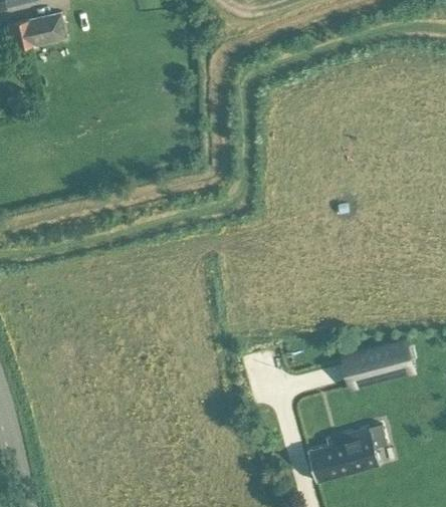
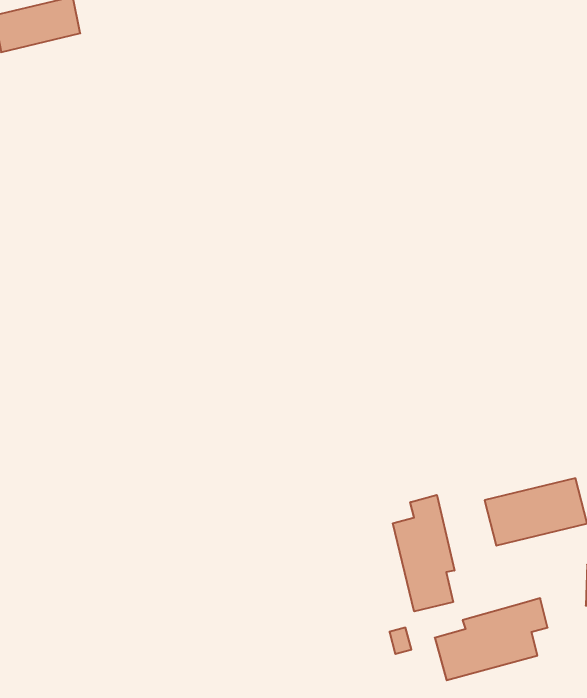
building: none -> [393,495,454,611]

